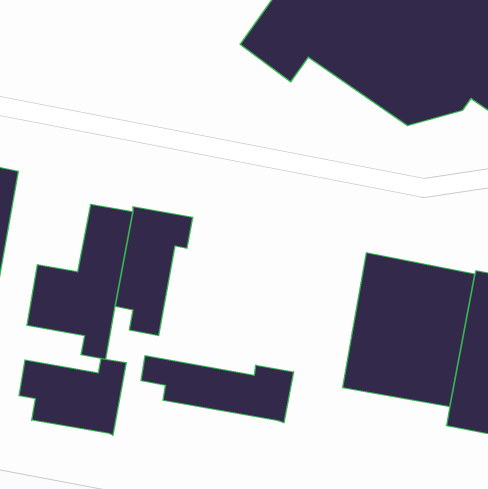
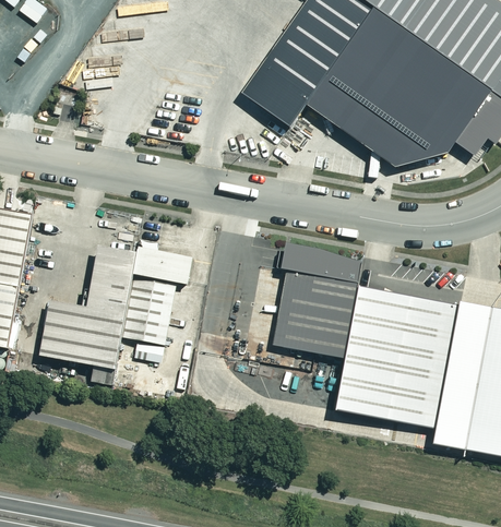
building: none -> [272,242,360,358]
building: [141,356,293,423] -> none
building: [19,358,126,435] -> none

